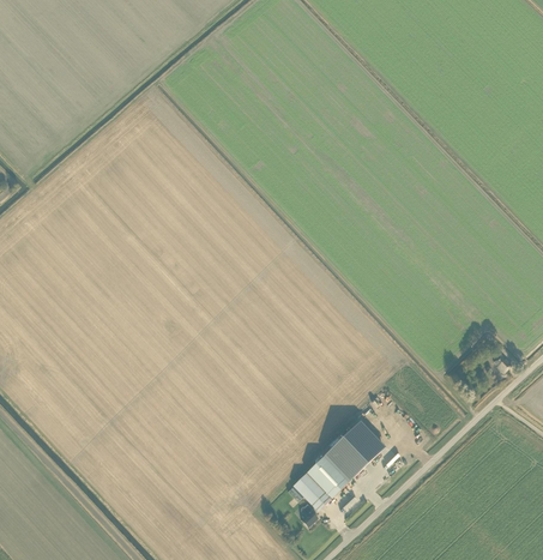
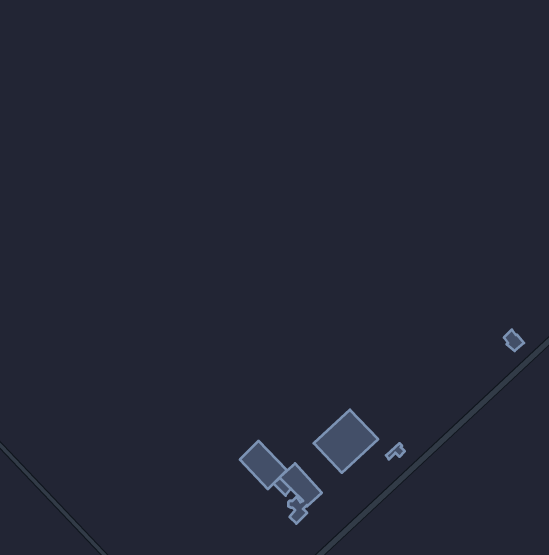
building: [312,448,354,492] -> [240,441,287,489]

